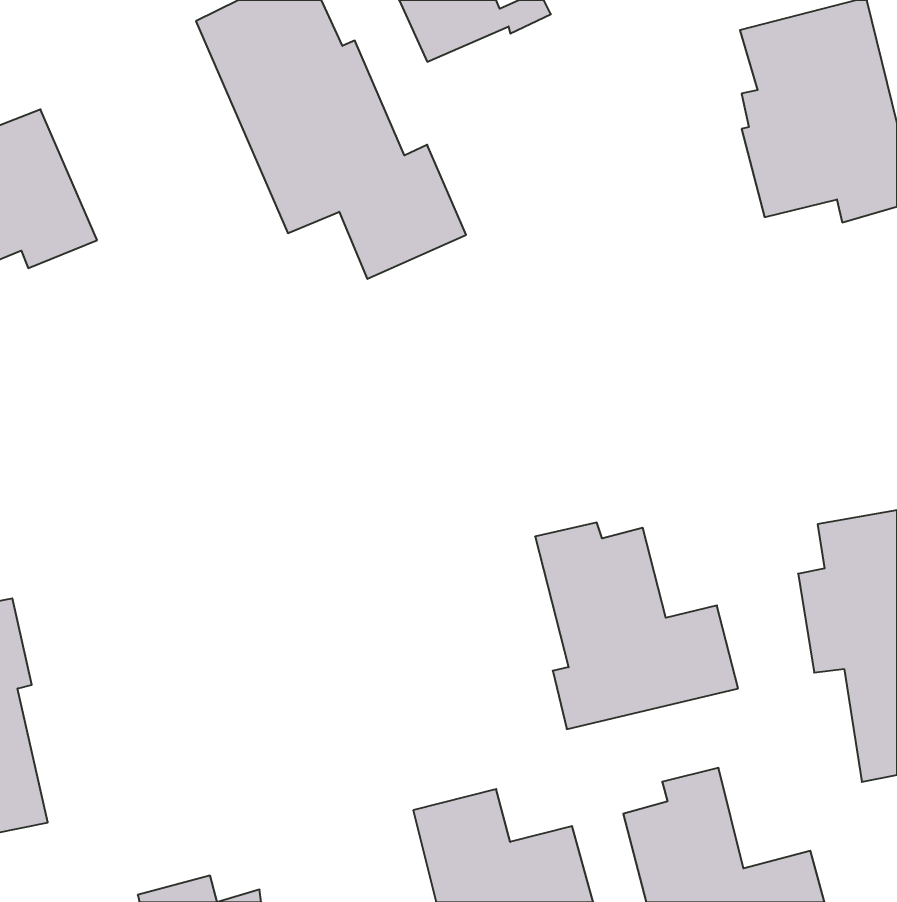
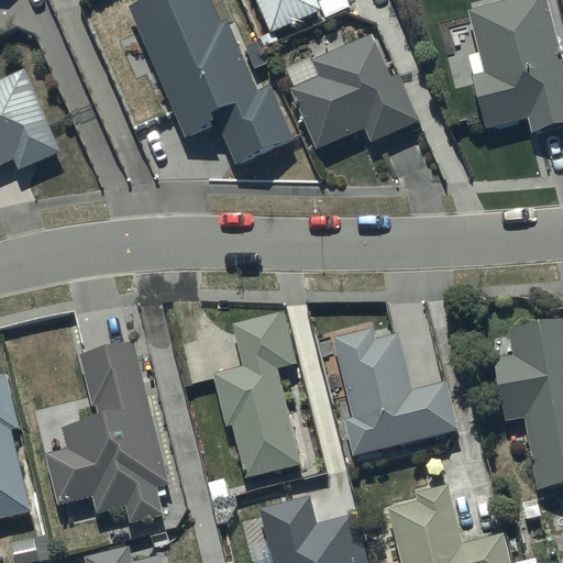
building: none -> [282,41,412,155]
building: none -> [214,311,302,476]
building: none -> [44,339,172,523]

